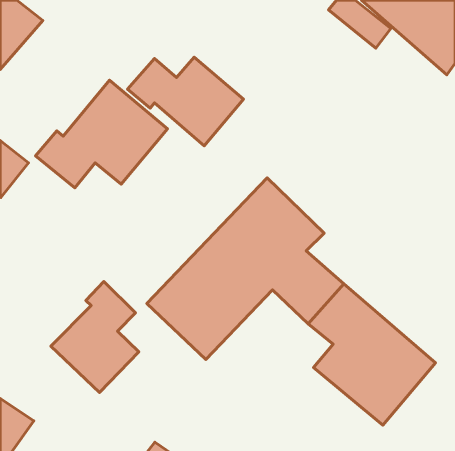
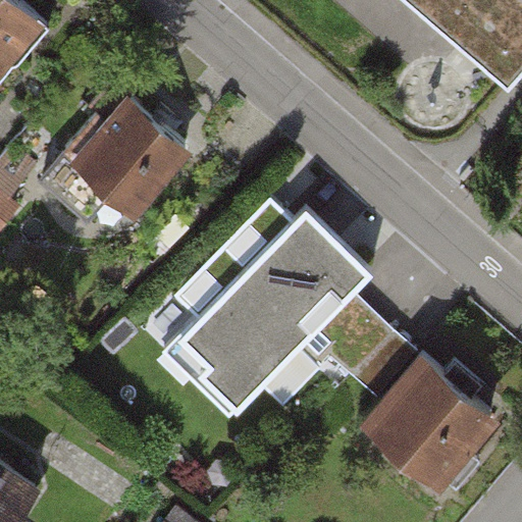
building: [128,57,244,146] -> none
building: [51,282,139,392] -> none

